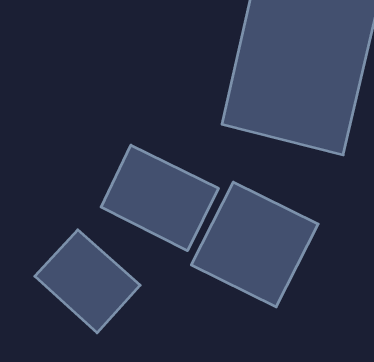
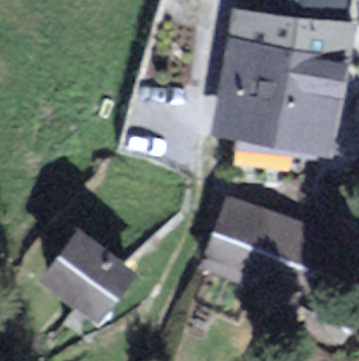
building: [101,145,218,251] -> none

